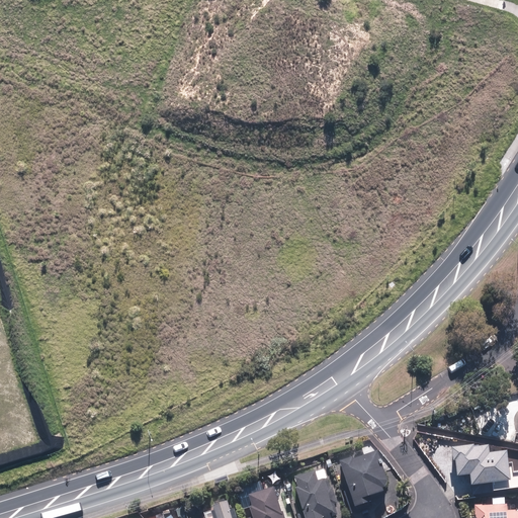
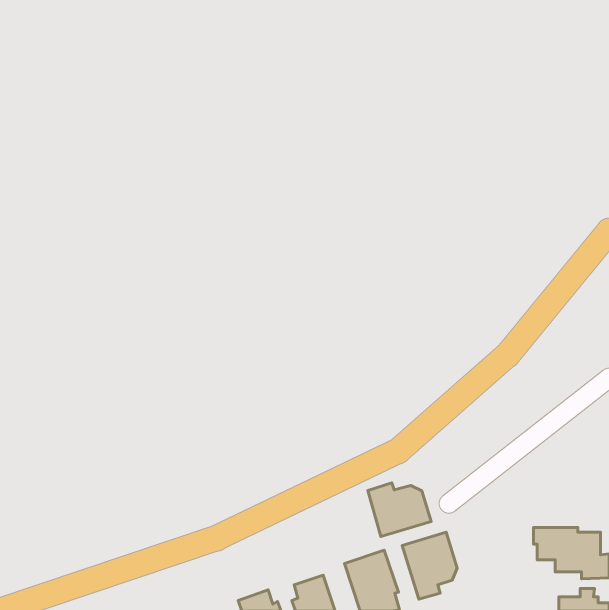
building: none -> [368,483,431,537]

